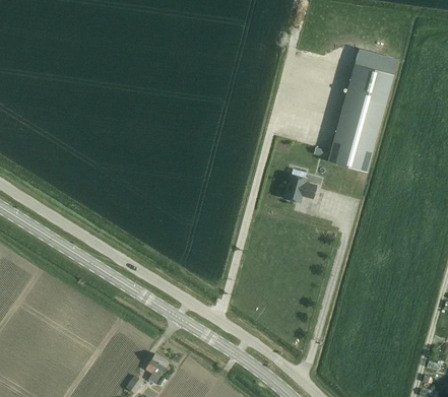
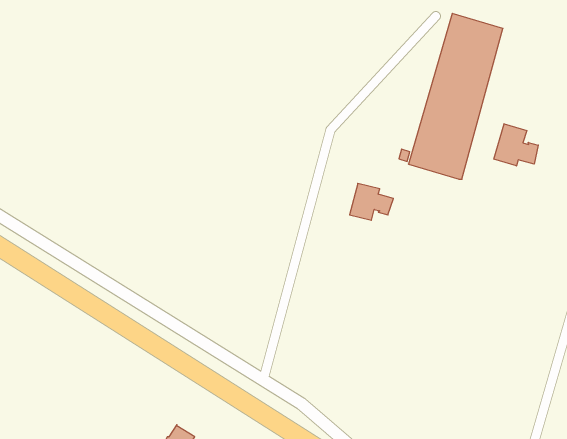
building: none -> [494,124,538,166]

